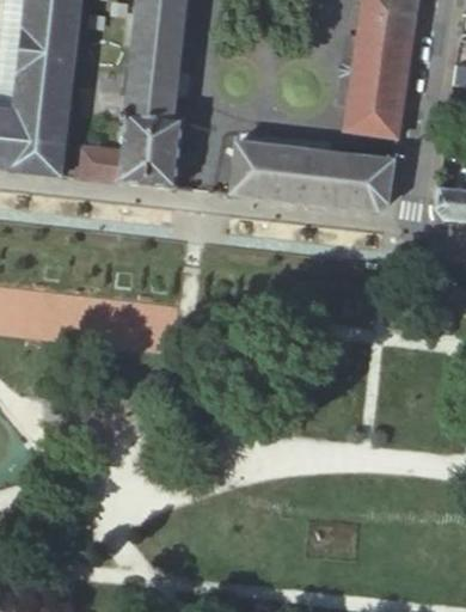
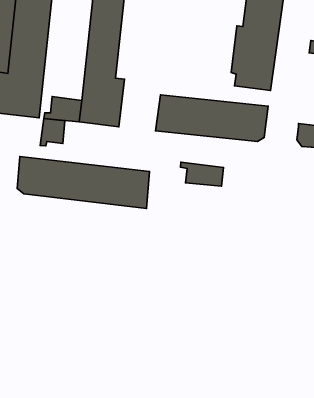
building: none -> [40,119,65,146]
building: none -> [17,157,150,208]
building: none -> [180,162,224,186]

